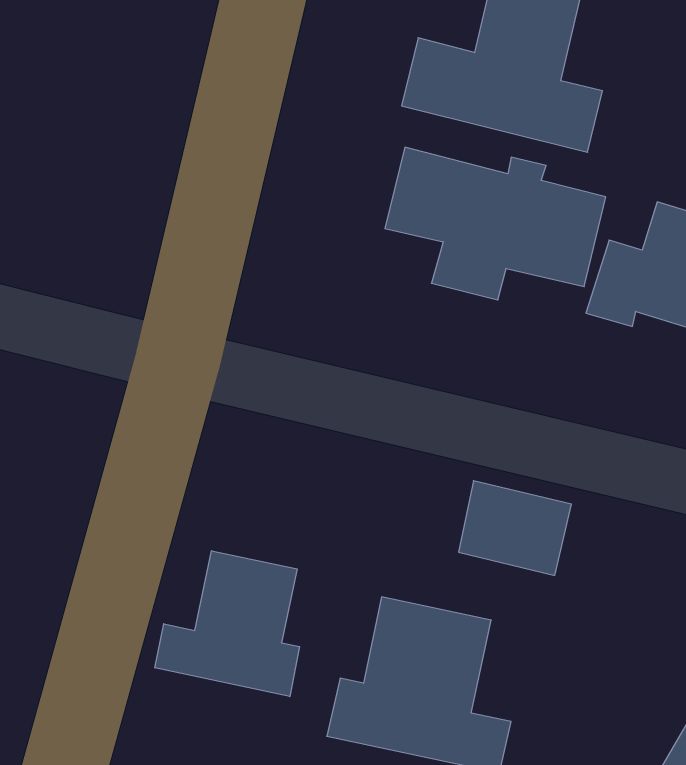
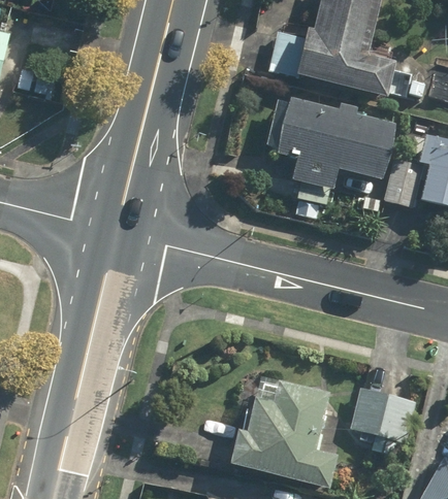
building: [459,481,571,575] -> [347,384,417,442]
building: [155,551,300,697] -> none

